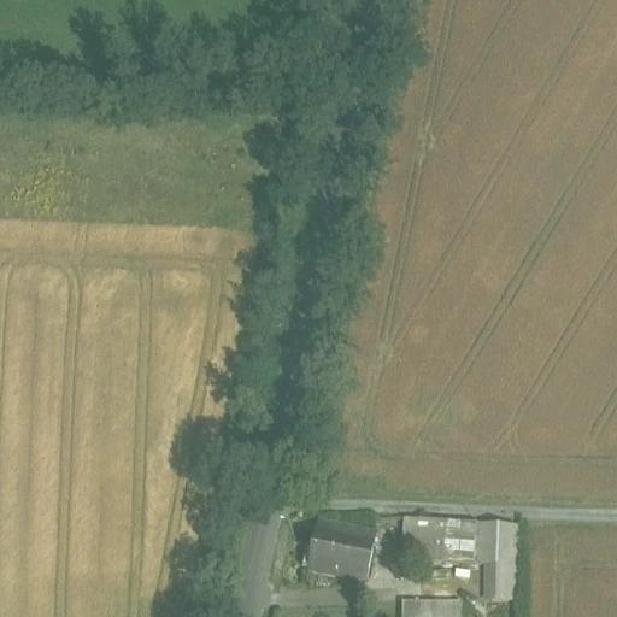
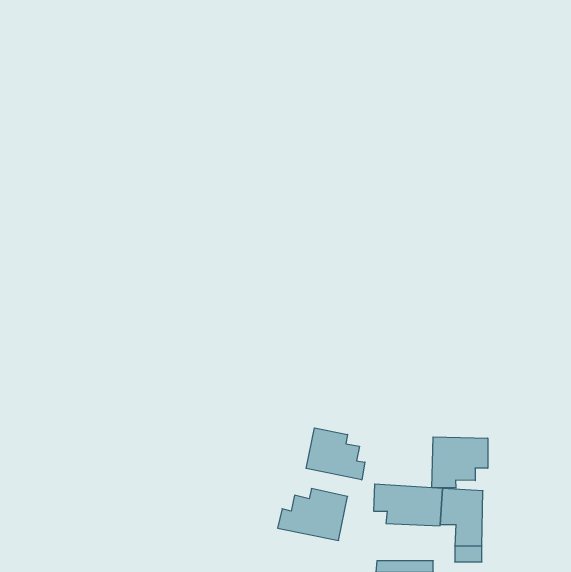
building: none -> [306,428,365,480]
building: none -> [432,437,488,488]

